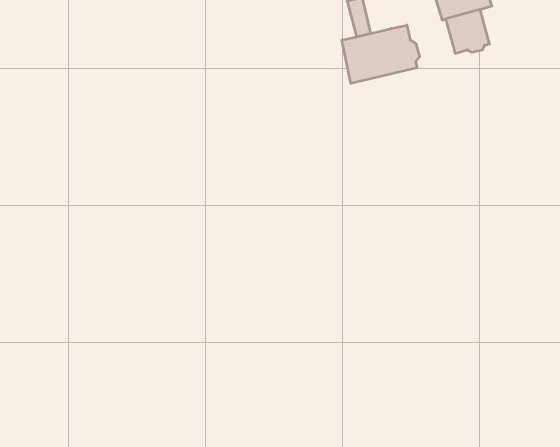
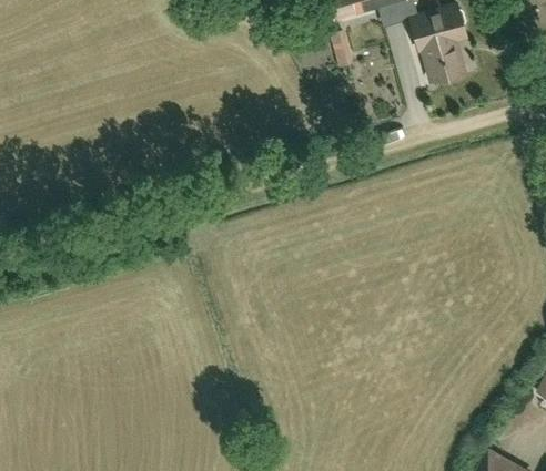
building: [342,25,420,83] -> none

